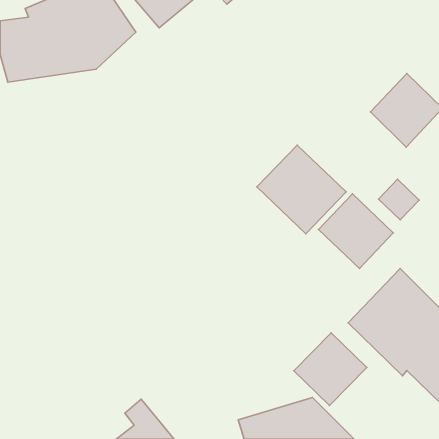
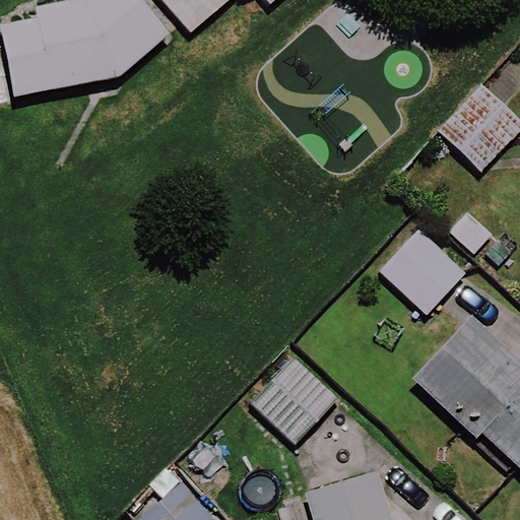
building: [257,145,346,234] -> none
building: [294,333,367,405] -> [251,358,336,443]

